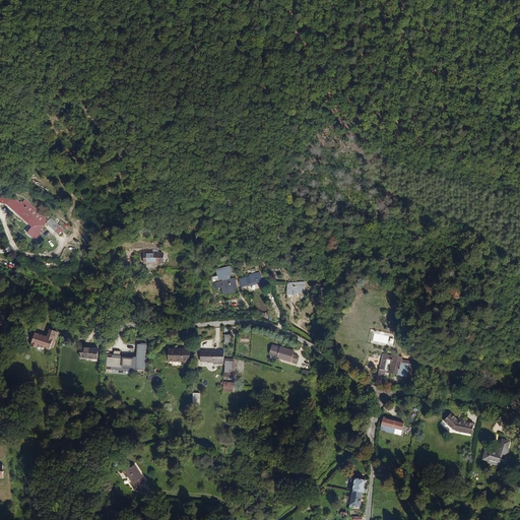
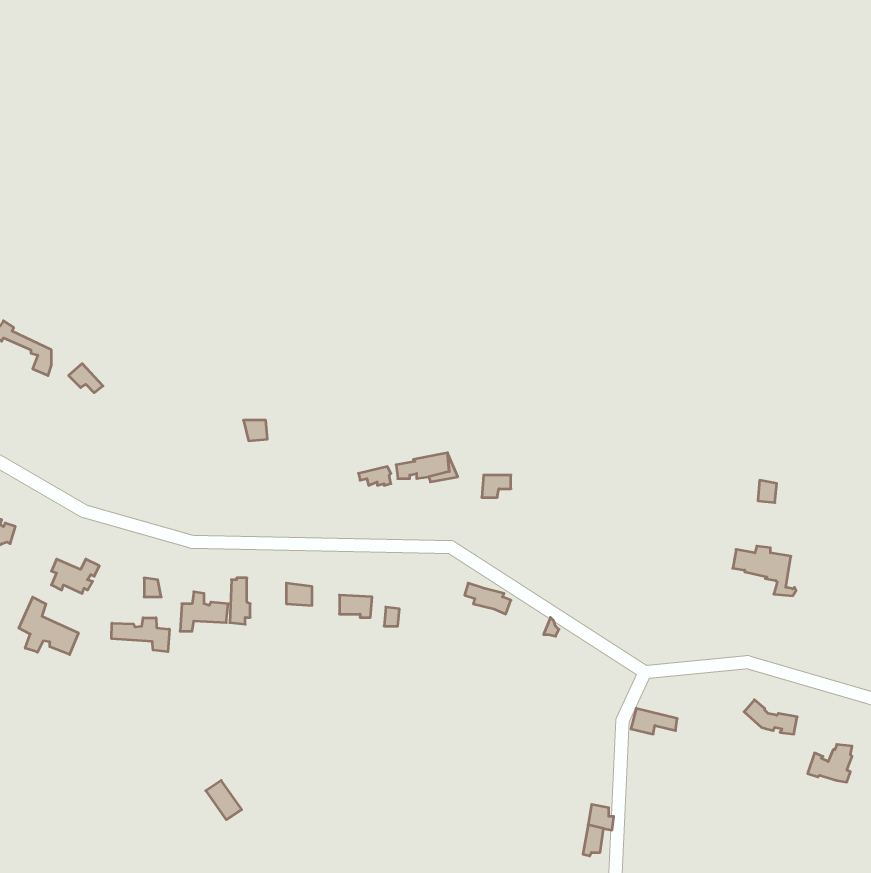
building: [375,353,412,383] -> [733,546,796,596]
building: none -> [19,597,78,655]
building: none -> [112,618,169,652]

